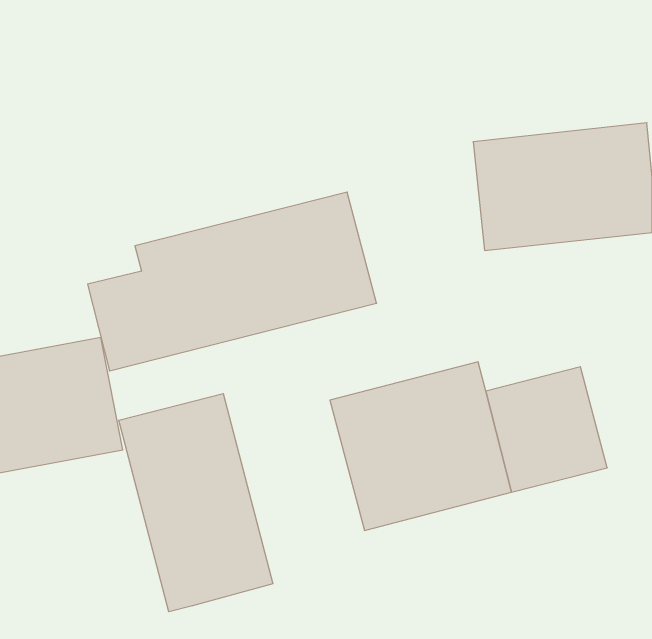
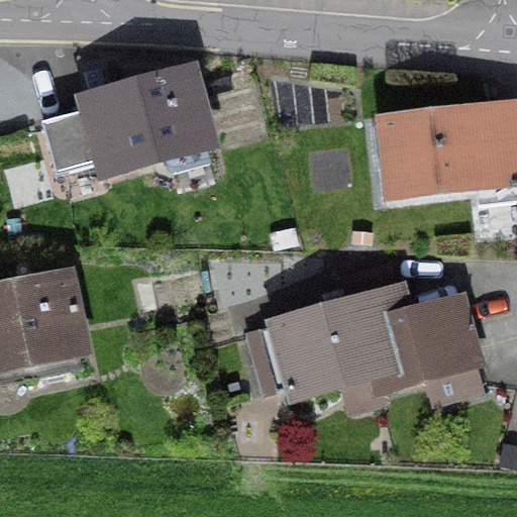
building: [88,192,377,371] -> [32,51,261,193]
building: [119,394,273,612] -> none

